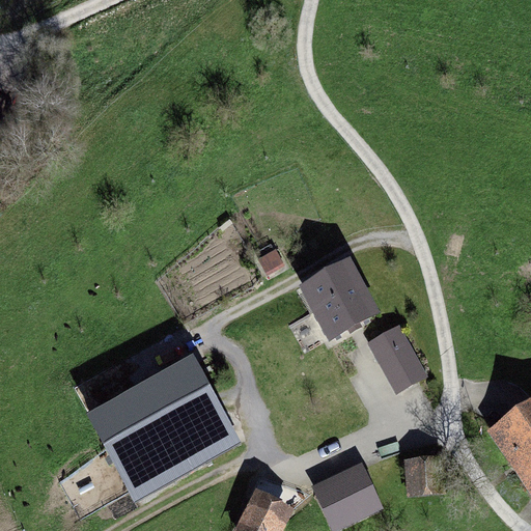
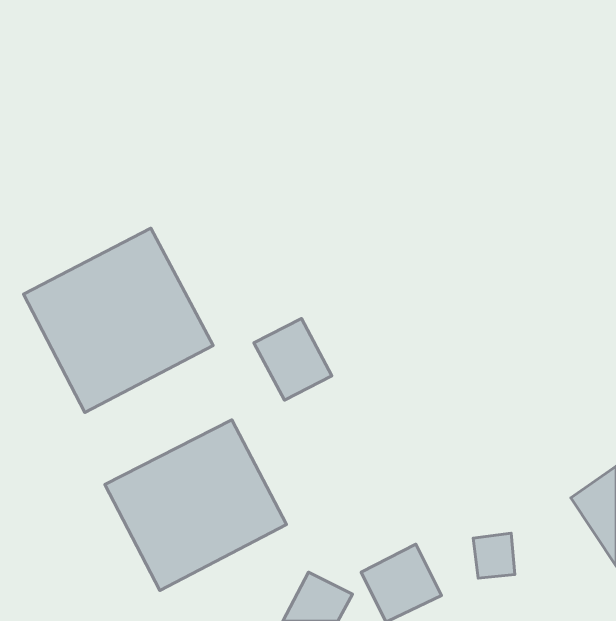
building: none -> [23,228,213,412]
building: [303,260,369,330] -> [254,319,332,400]
building: [365,325,416,388] -> none

